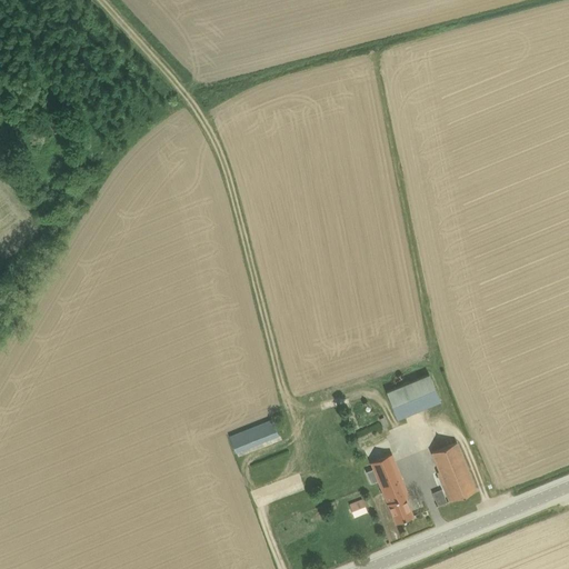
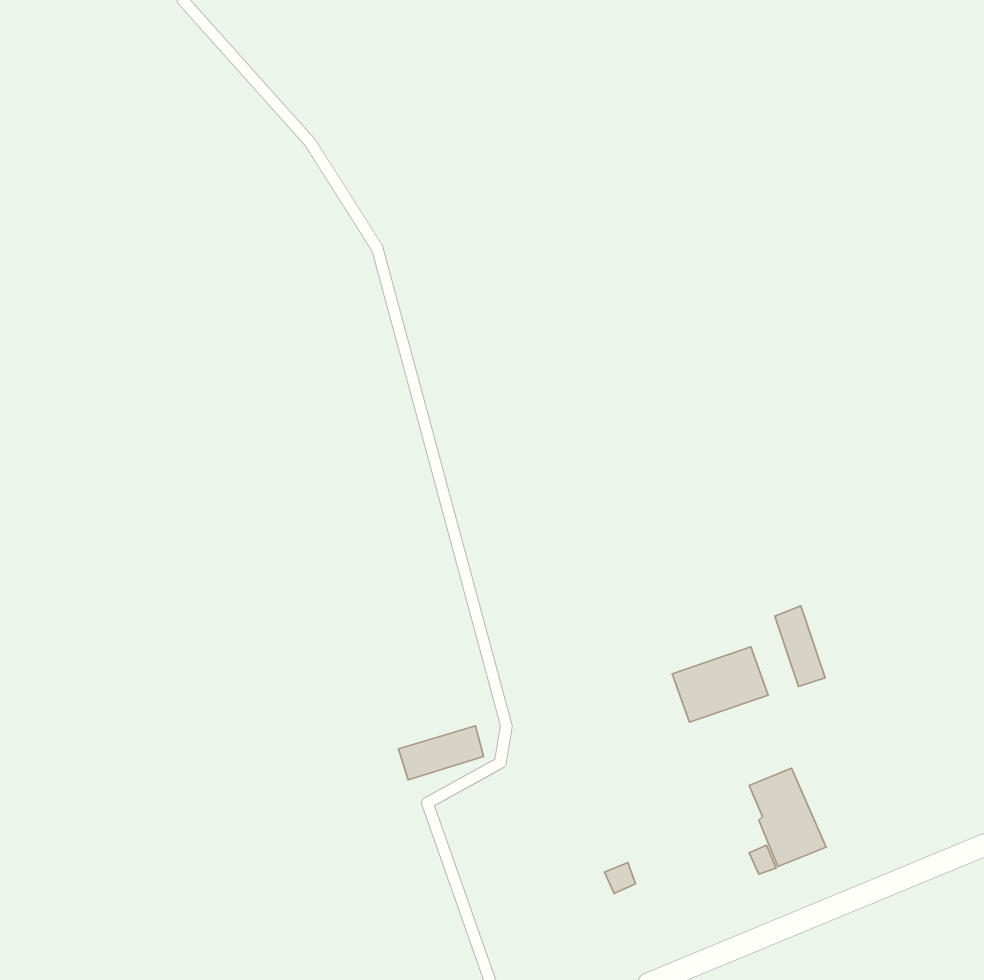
building: none -> [775,606,825,687]
building: [371,457,413,525] -> none

